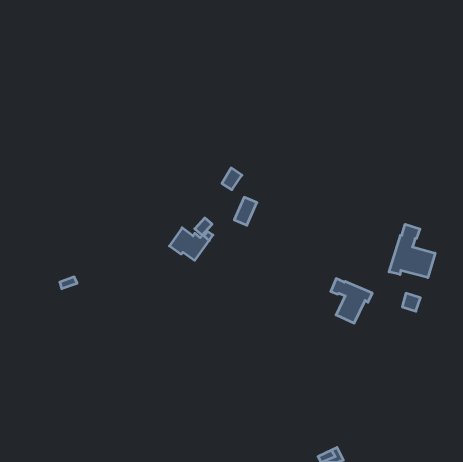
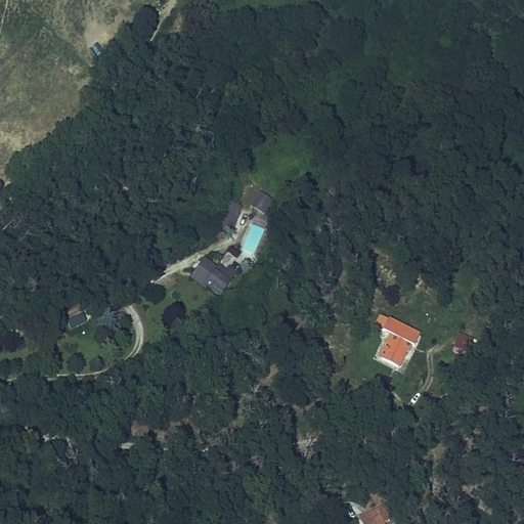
building: [234,197,257,225] -> [217,198,243,229]
building: [389,224,435,278] -> none

